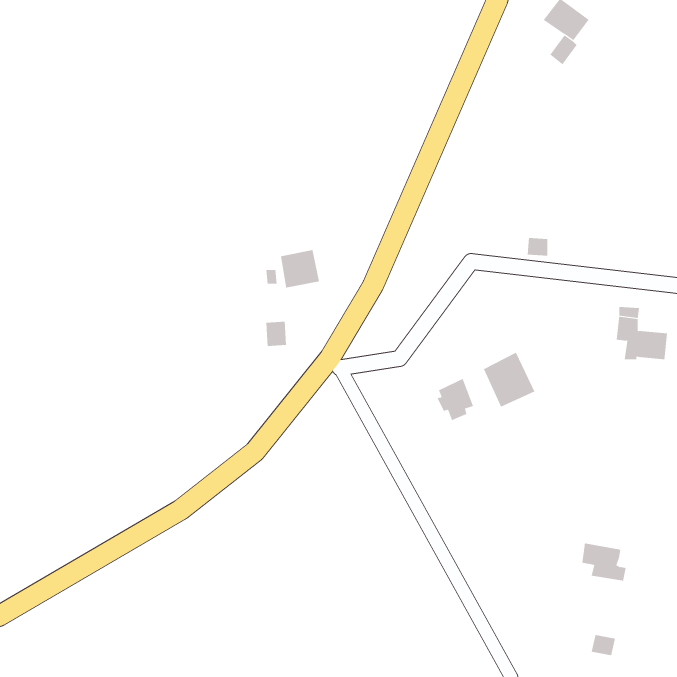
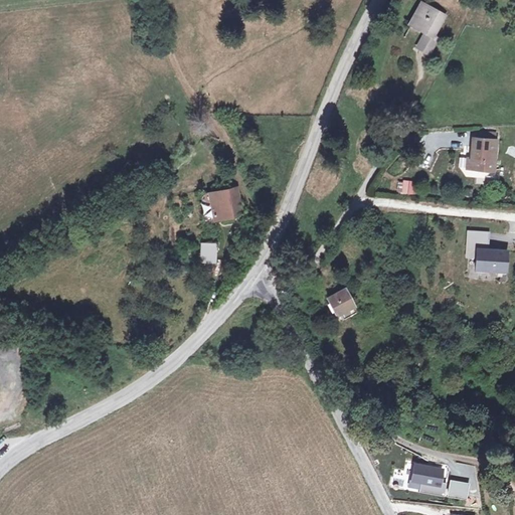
building: none -> [470,139,493,169]
building: [483,352,535,407] -> none
building: [581,543,627,581] -> [411,464,446,493]

